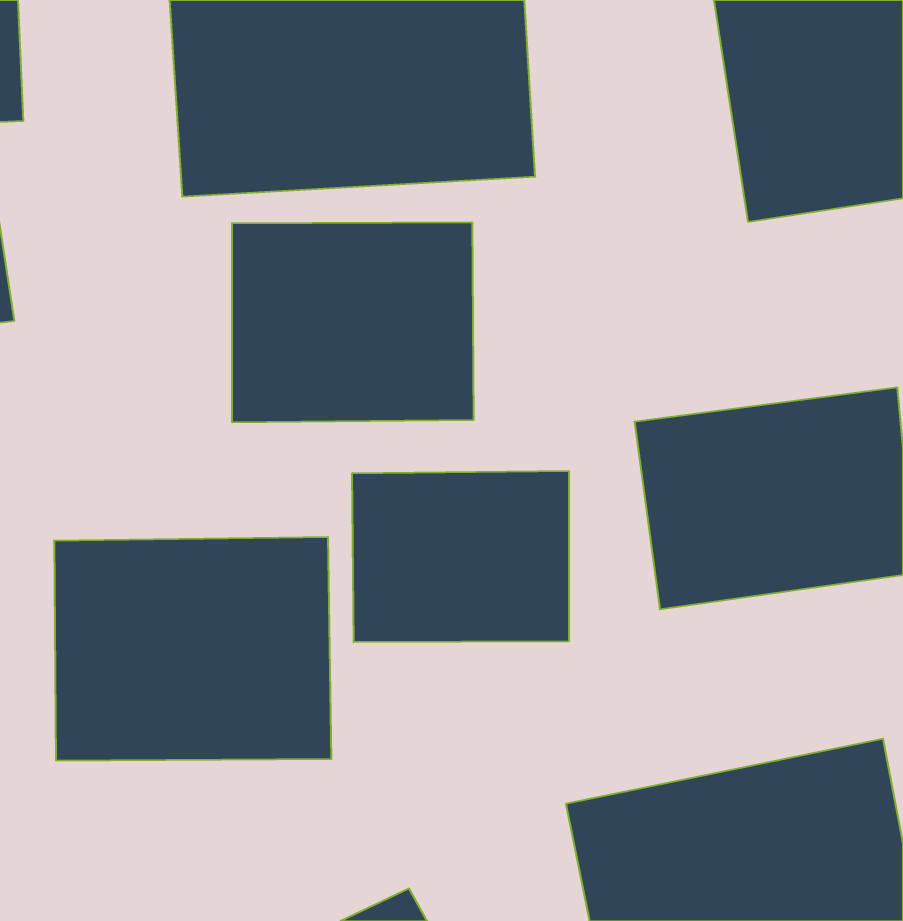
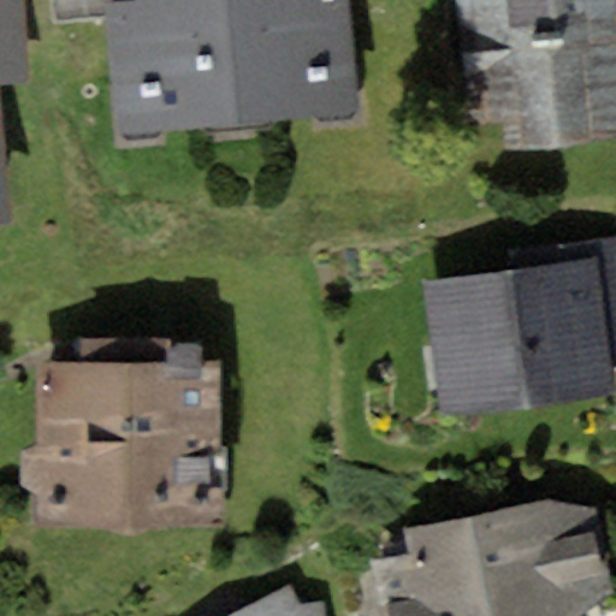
building: [232,222,474,422] -> none
building: [352,471,569,642] -> none

